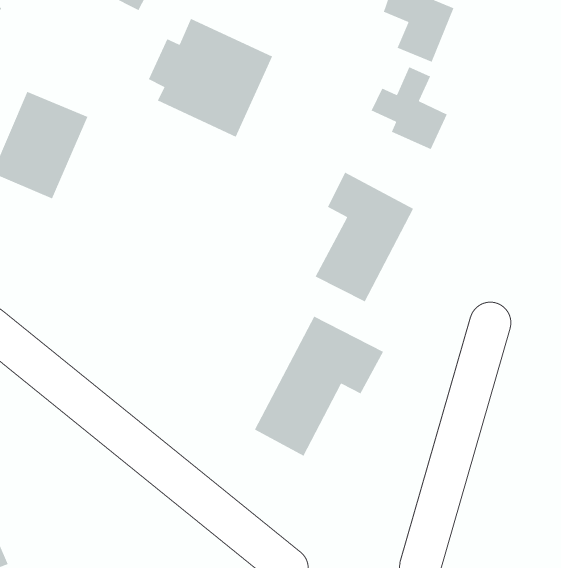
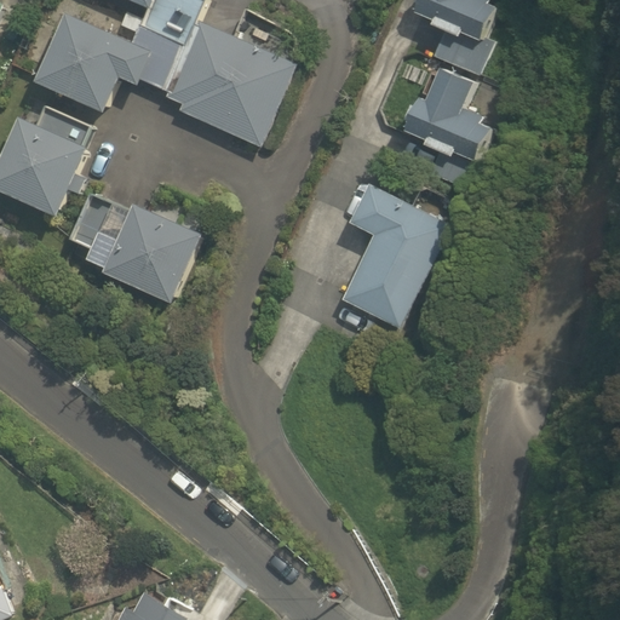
building: none -> [33,10,180,114]
building: none -> [67,196,207,308]
building: [254,316,384,457] -> none

